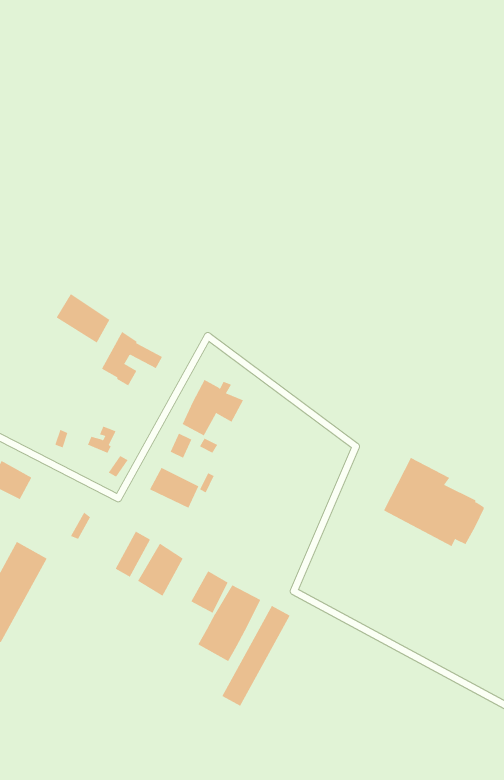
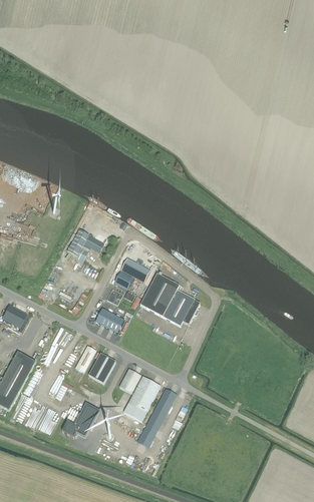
building: [56,293,110,343] -> none
building: [383,457,485,547] -> [139,273,199,325]
building: none -> [61,402,98,437]

